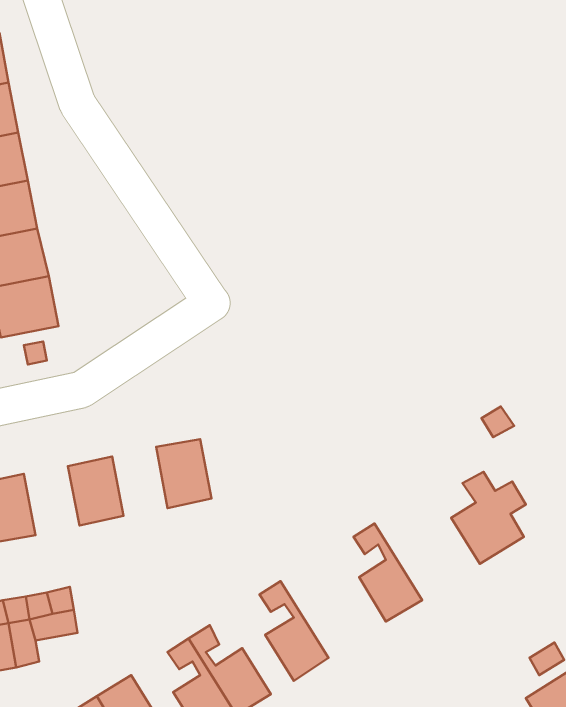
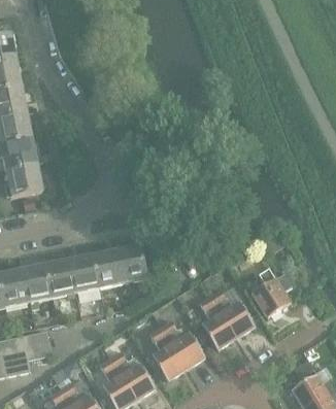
building: none -> [115,245,146,282]
building: none -> [68,254,98,292]
building: none -> [21,265,51,302]
building: none -> [209,288,254,337]
building: none -> [159,319,204,368]

